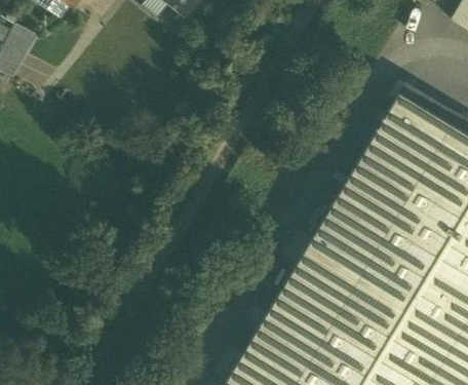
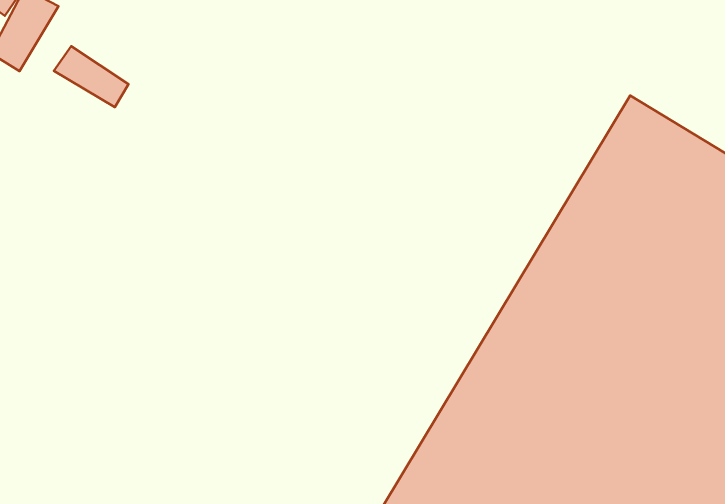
building: none -> [54,46,128,107]

